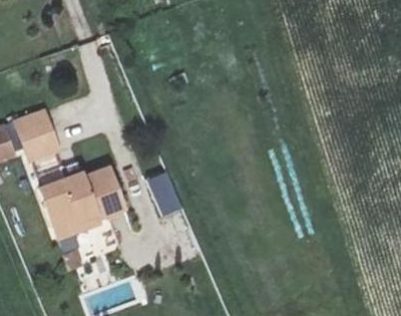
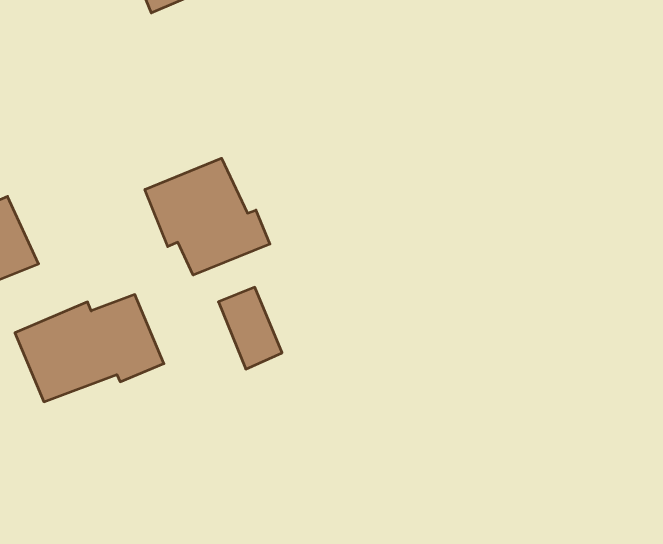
building: none -> [145,158,270,275]

